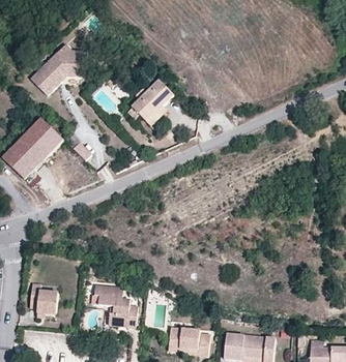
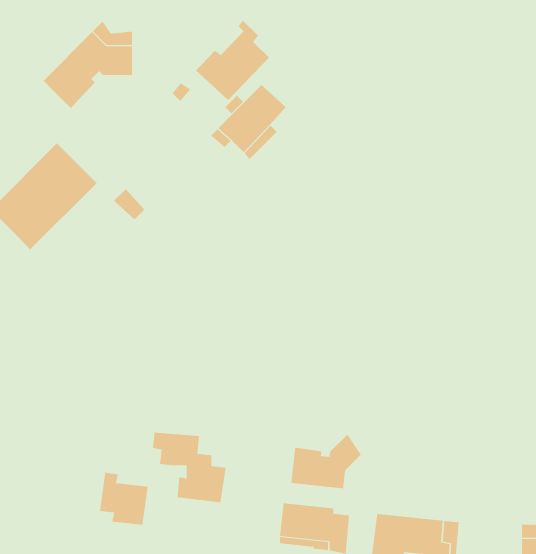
building: none -> [195,20,270,101]
building: [30,283,59,314] -> [99,472,149,525]
building: none -> [291,434,361,489]

